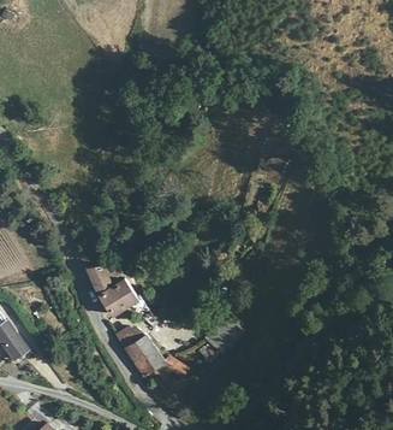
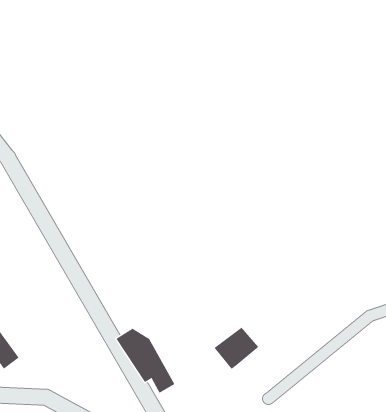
building: [85,261,136,312] -> none

